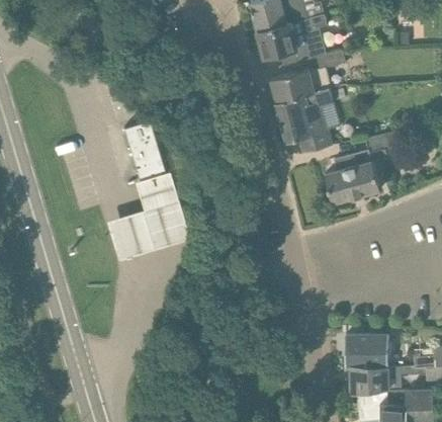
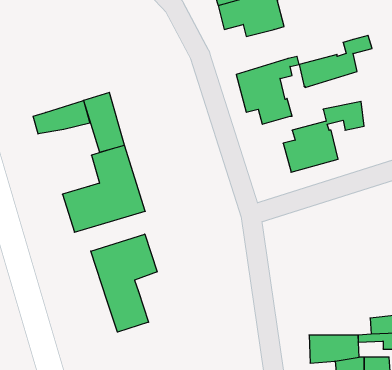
building: [271,51,345,103] -> [299,35,372,87]
building: none -> [33,100,90,134]
building: none -> [91,234,157,332]
building: [345,336,389,367] -> none

